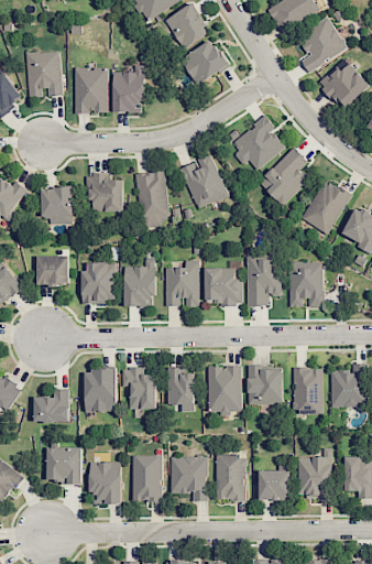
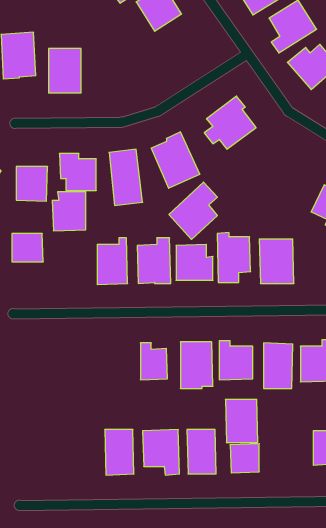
building: [182,40,229,84] -> none
building: [112,65,144,113] -> none
building: [259,147,308,205] -> [169,182,217,239]
building: [303,180,351,234] -> none
building: [81,262,116,302] -> [52,192,86,231]
building: [122,368,157,409] -> none
building: [85,369,117,411] -> none
building: [34,389,69,422] -> none
building: [46,446,83,482] -> none
building: [298,453,331,497] -> [225,399,258,443]
building: [89,462,121,503] -> none

